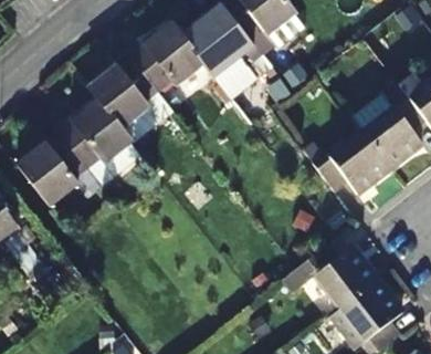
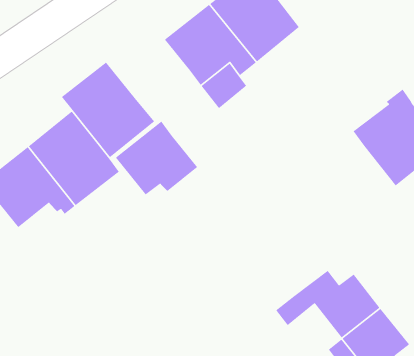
building: [128,23,203,91] -> [115,121,198,195]
building: [312,133,389,194] -> none

